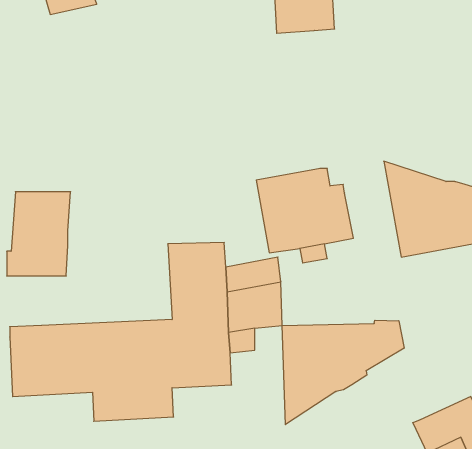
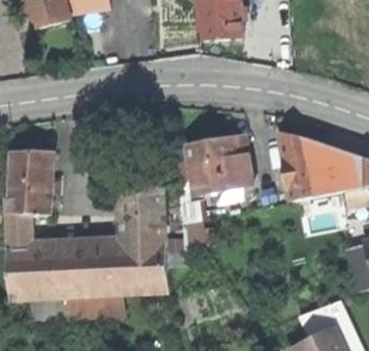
building: none -> [6,213,31,249]
building: [282,320,404,425] -> none

